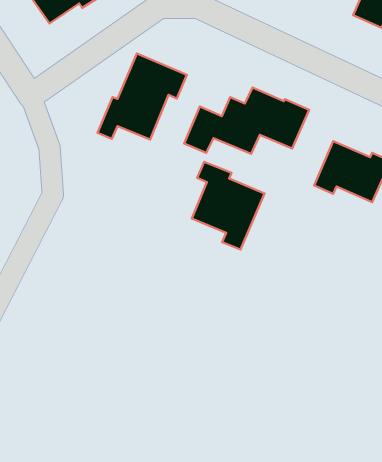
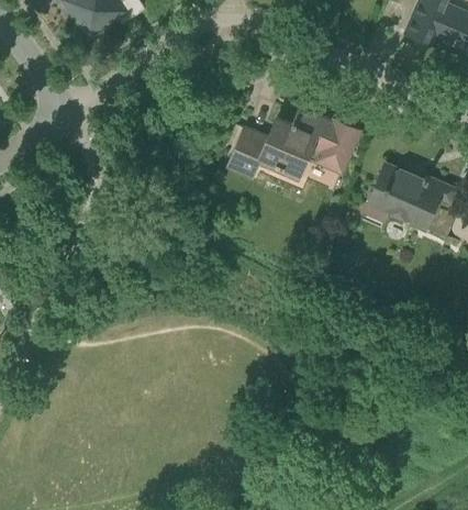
building: [98,53,187,140] -> none
building: [192,162,264,250] -> none

